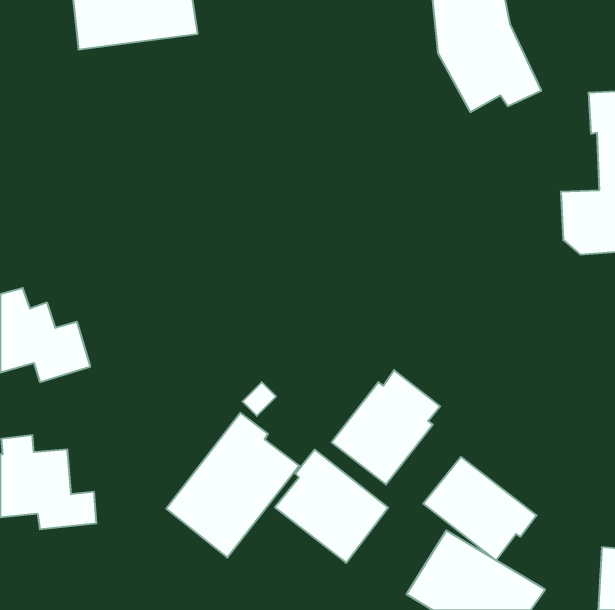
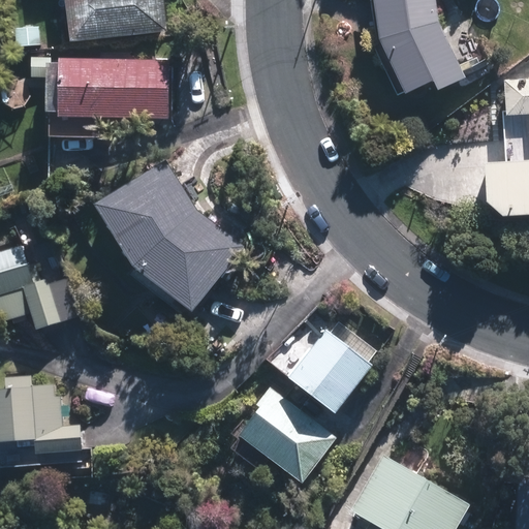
building: none -> [57,60,165,117]
building: none -> [93,160,243,313]
building: [166,413,299,558] -> none
building: [423,457,537,560] -> none

